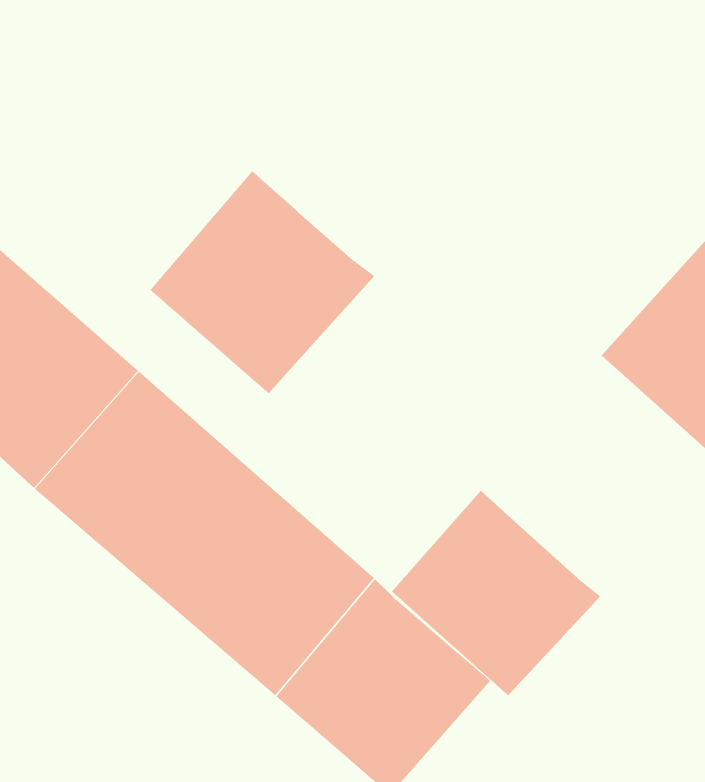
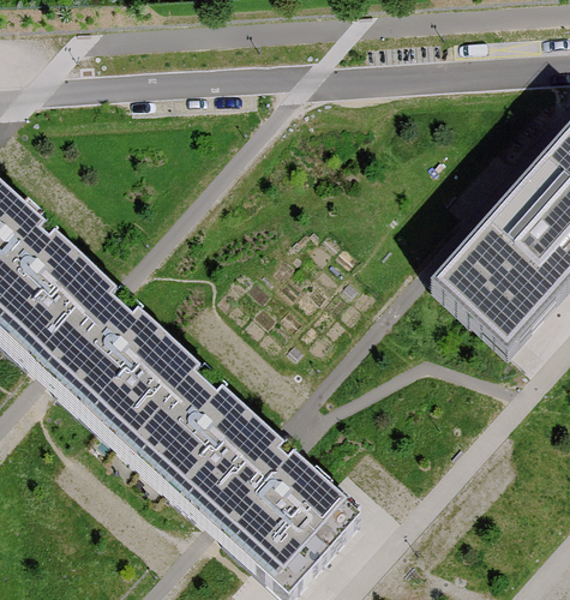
building: [149,171,375,394] -> none
building: [391,490,601,696] -> none

